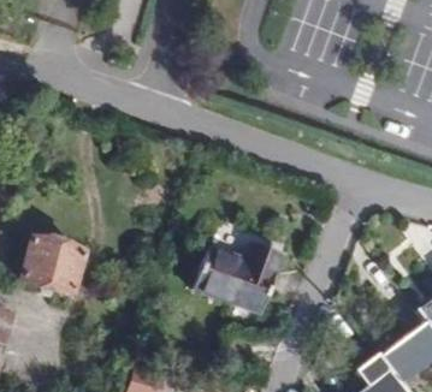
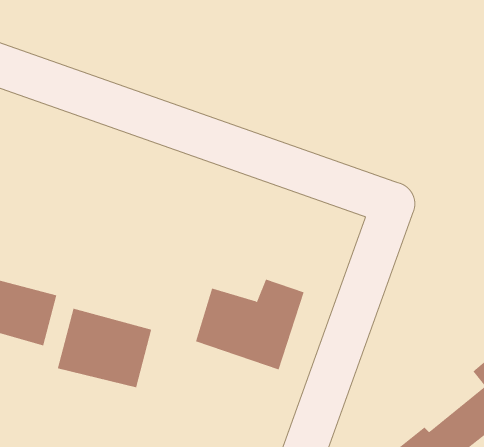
building: none -> [57,308,152,388]

